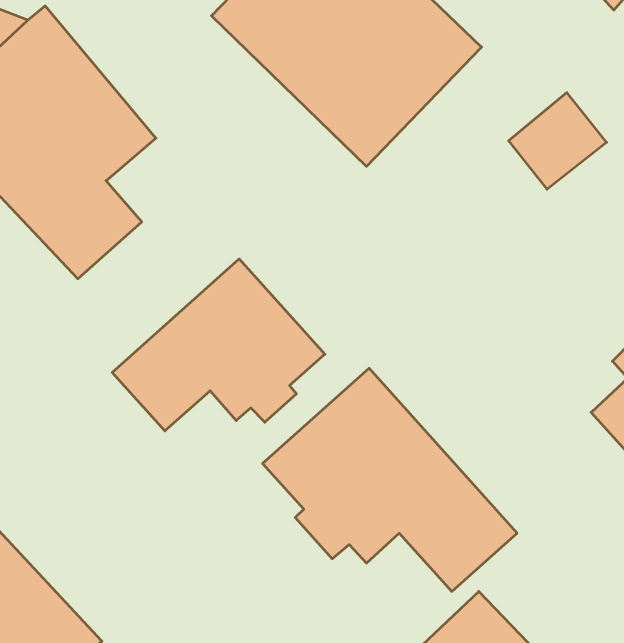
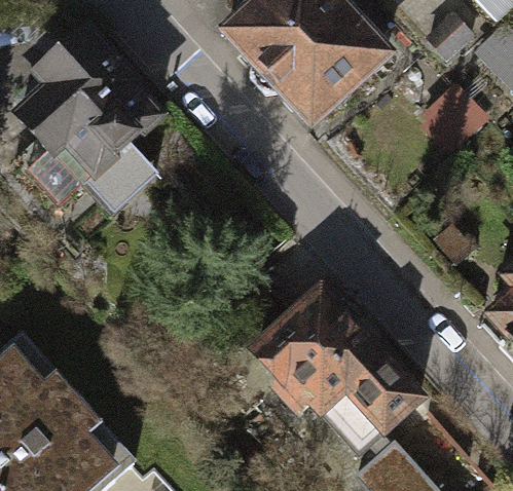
building: [112,259,325,431] -> none

